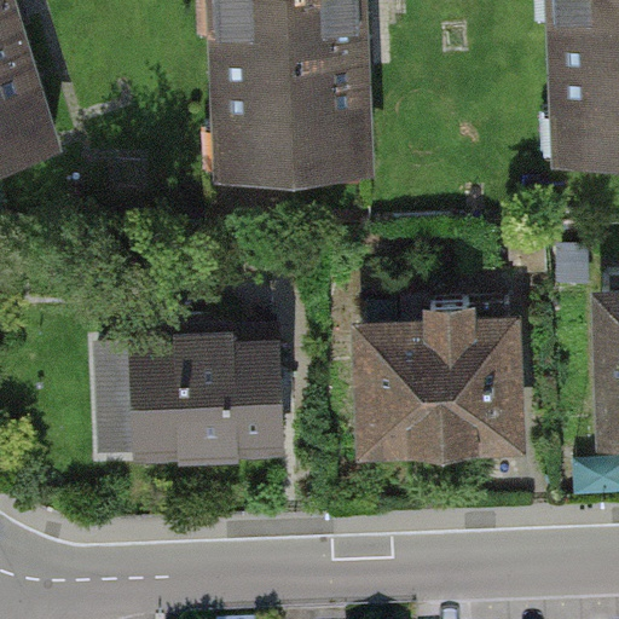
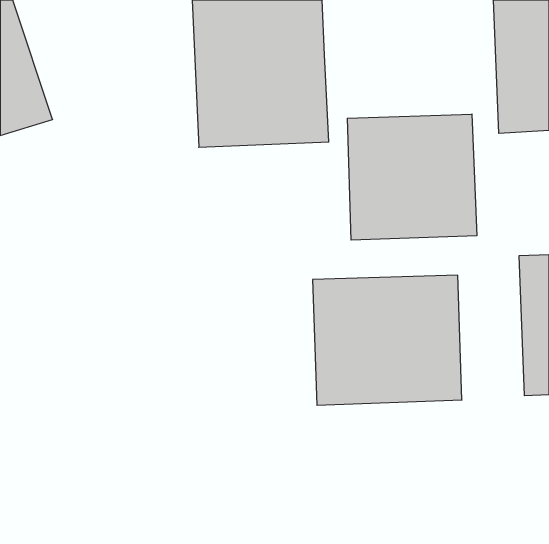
building: none -> [347,114,477,240]
building: [126,331,285,474] -> none

